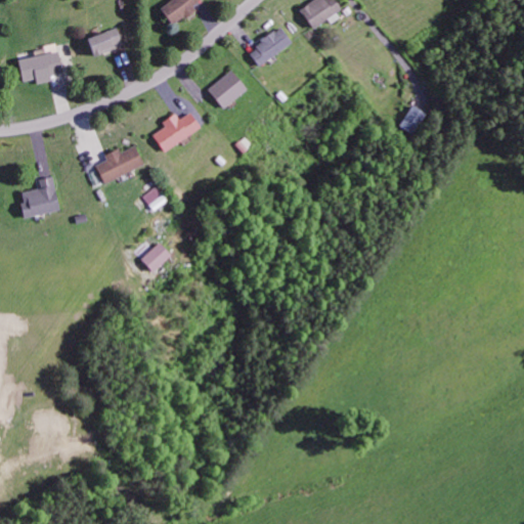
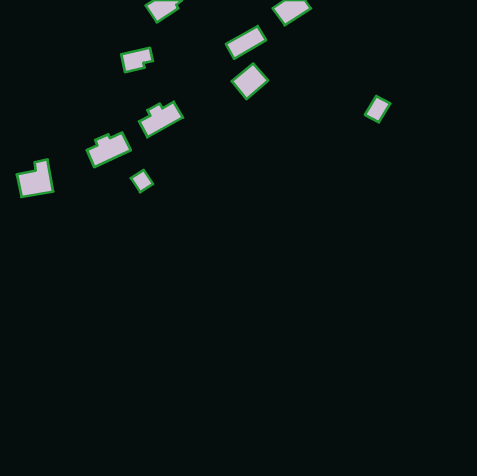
building: [87,29,122,55] -> [121,48,153,72]
building: [18,47,62,84] -> none
building: [207,71,247,110] -> [232,64,268,99]
building: [140,243,170,272] -> none

